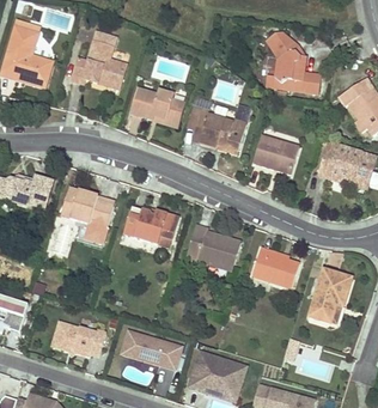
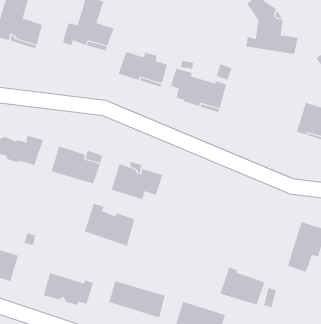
building: [252,136,298,175] -> none
building: [187,225,240,270] -> [84,203,135,246]
building: [251,246,299,287] -> [220,267,265,305]

